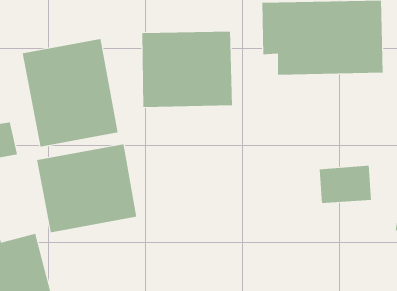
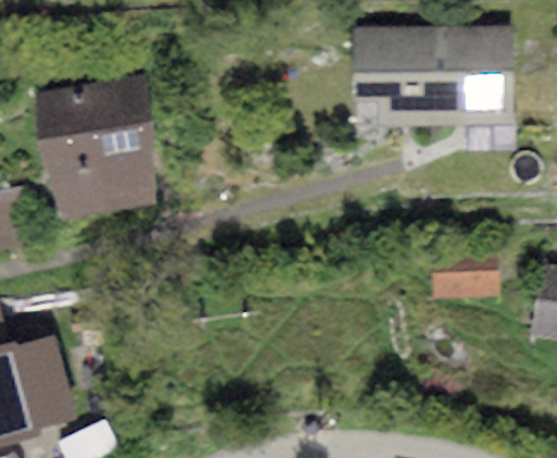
building: [142,31,232,108] -> none
building: [36,143,137,233] -> none

